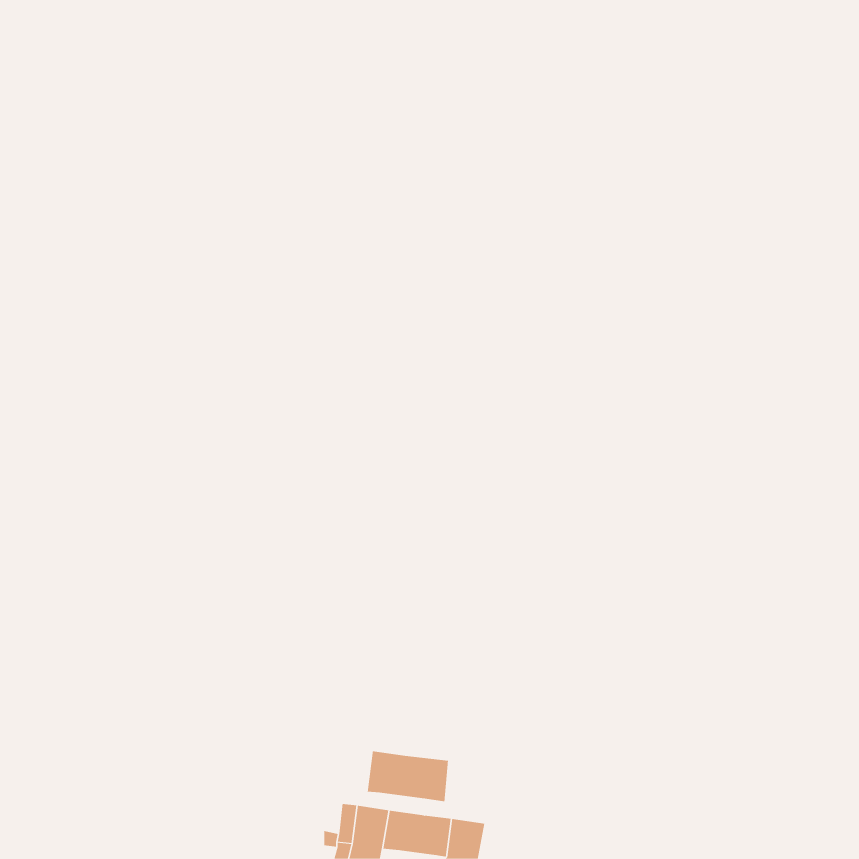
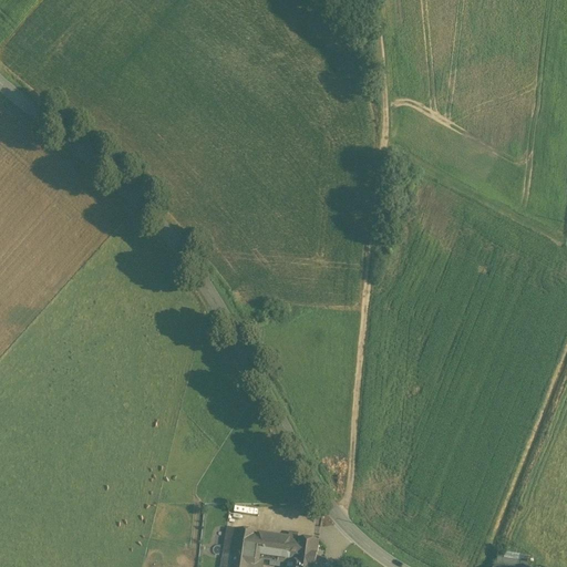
building: [367,751,448,802] -> none

